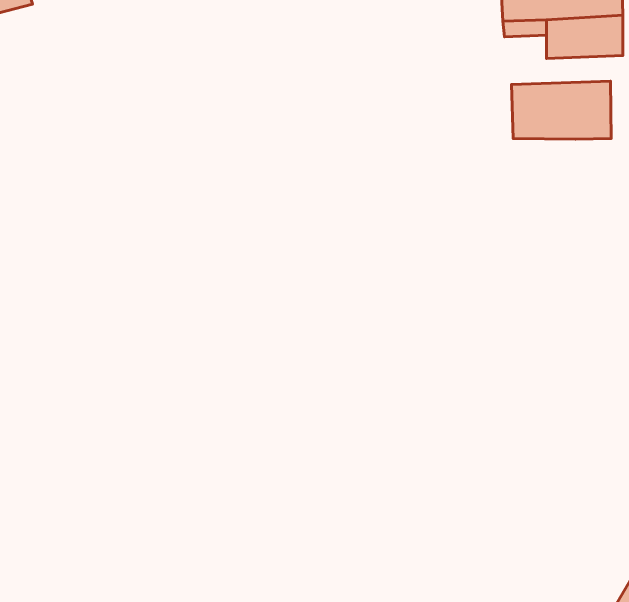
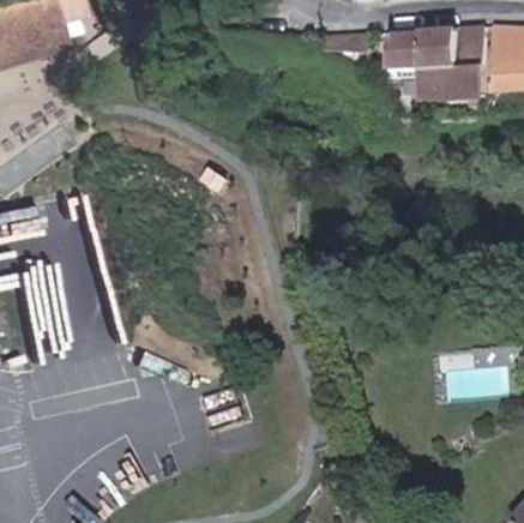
building: [511,81,611,139] -> none

